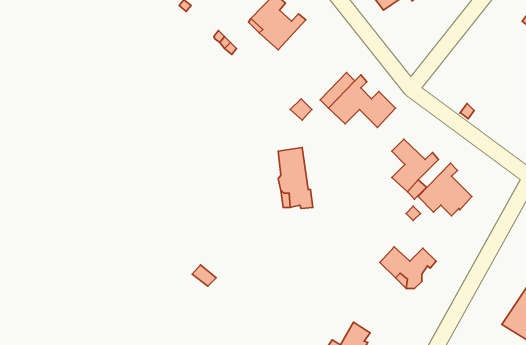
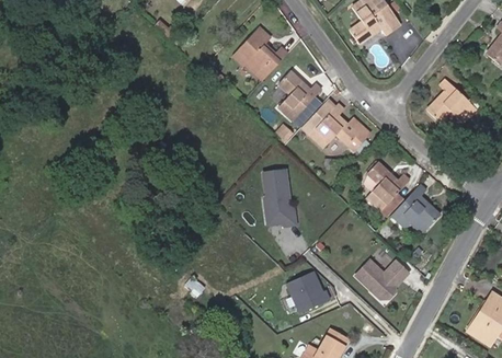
building: none -> [277,71,321,119]
building: none -> [425,78,476,122]
building: none -> [285,269,329,312]

